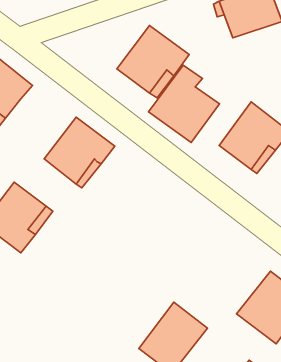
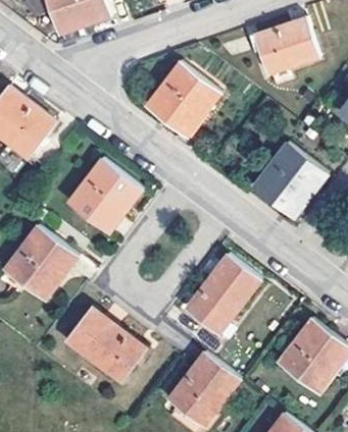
building: [149,65,220,143] -> none
building: none -> [185,254,260,334]
building: none -> [66,307,146,381]

